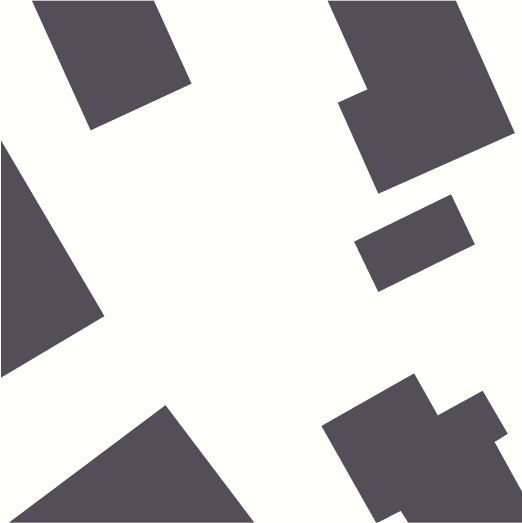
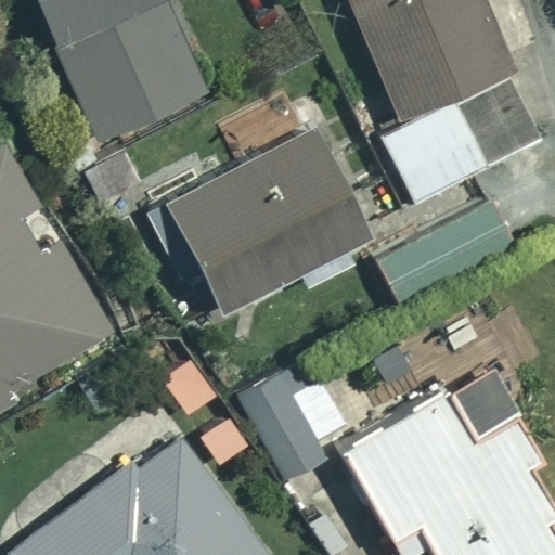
building: none -> [164,127,367,308]
building: none -> [240,357,352,477]

